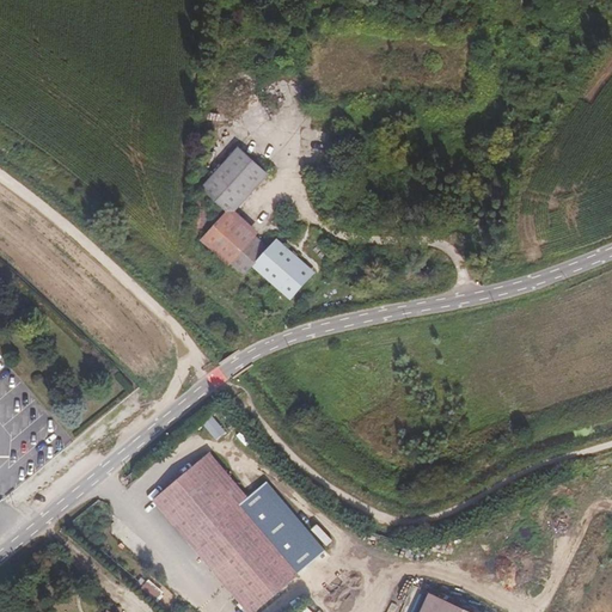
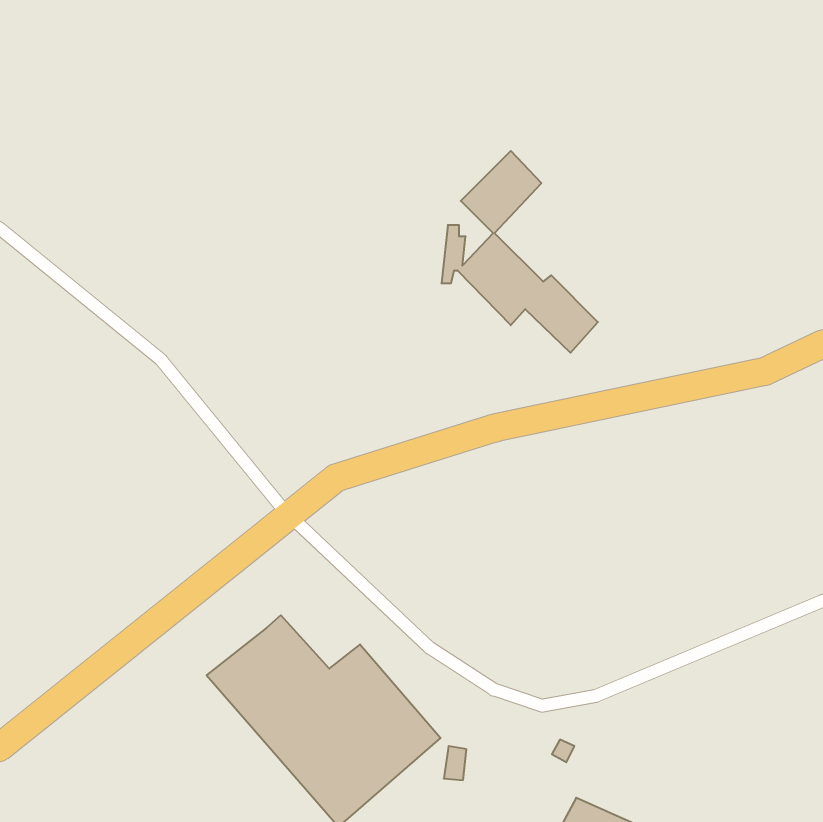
building: [190,146,306,295] -> [441,151,598,353]

